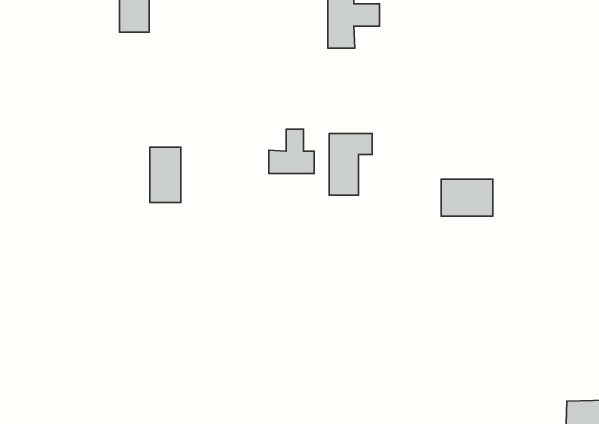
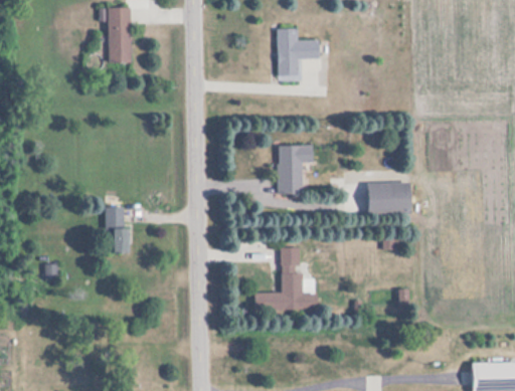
building: [269,129,314,173] -> none
building: [150,147,181,203] -> [105,208,130,253]
building: none -> [255,248,320,311]

